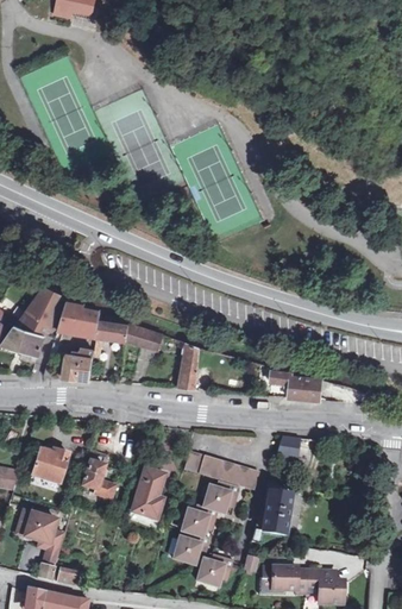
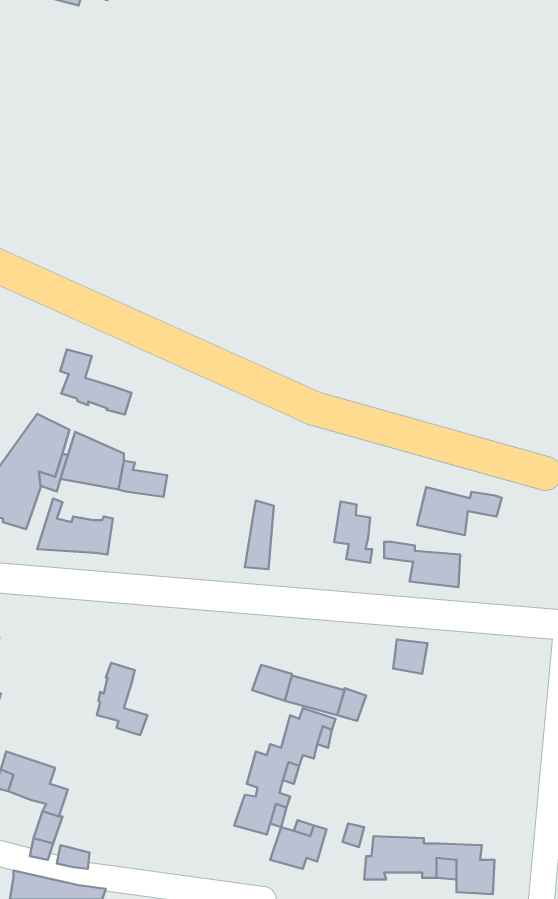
building: none -> [60,349,131,415]
building: [126,324,163,351] -> none
building: none -> [417,487,502,535]
building: none -> [334,501,372,563]
building: [32,448,68,483] -> none
building: [132,469,164,519] -> none
building: [251,481,293,542] -> none

